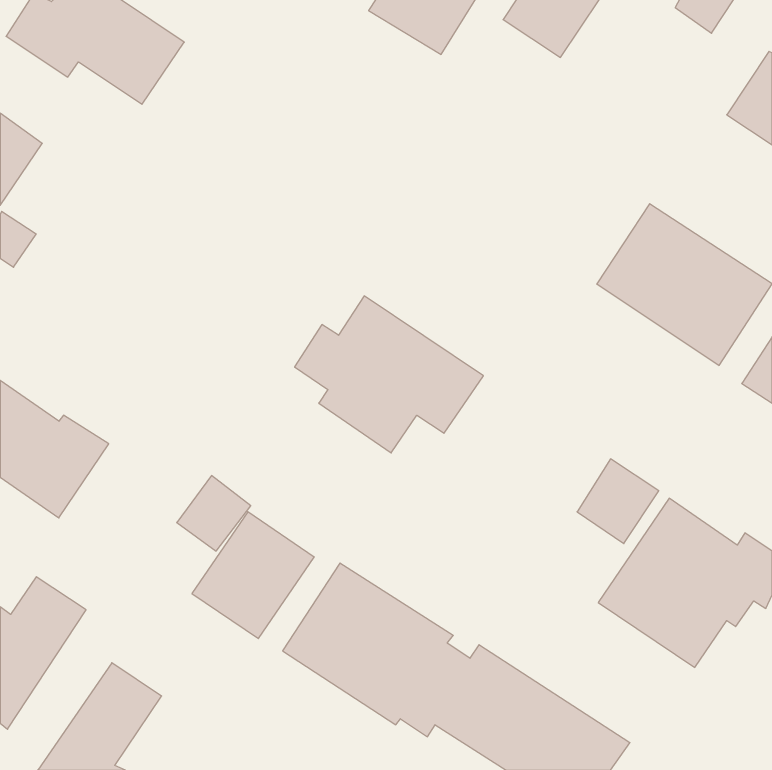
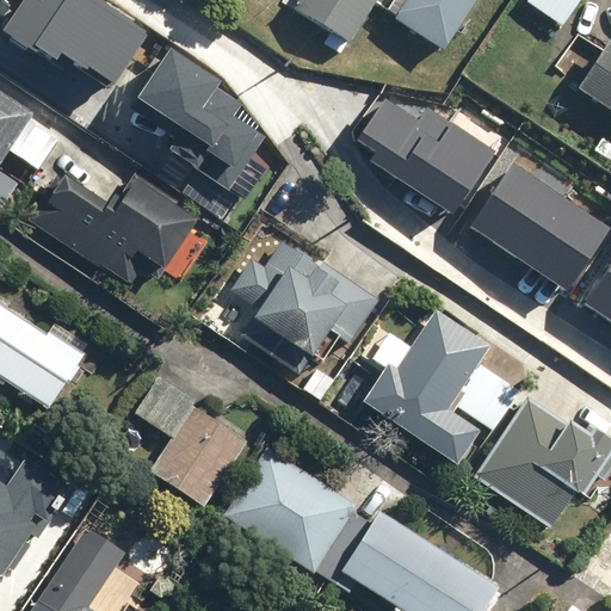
building: none -> [140,49,264,187]
building: none -> [353,98,493,211]
building: none -> [36,186,197,304]
building: none -> [362,309,489,465]

